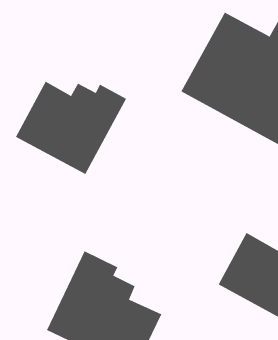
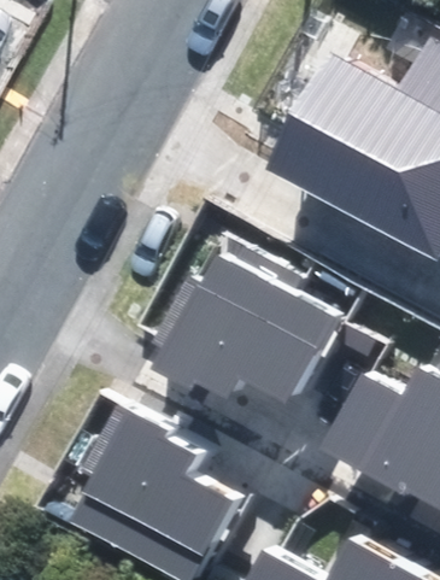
building: [15,81,127,175] -> none
building: none -> [157,252,334,405]

